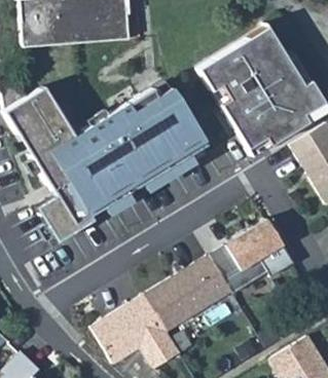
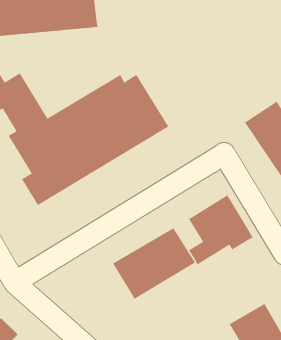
building: [191,22,319,139] -> none
building: [90,293,178,367] -> none

